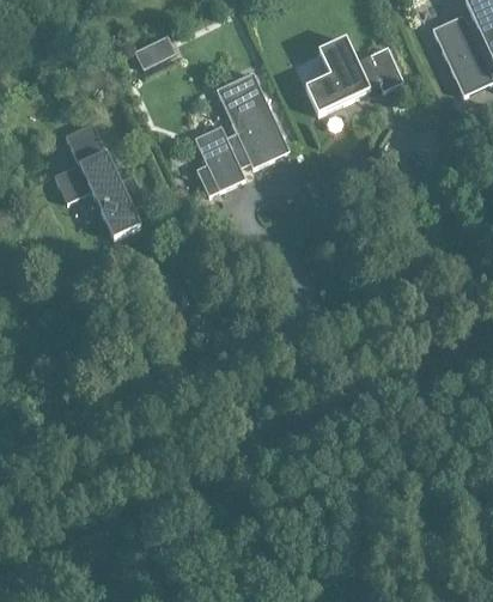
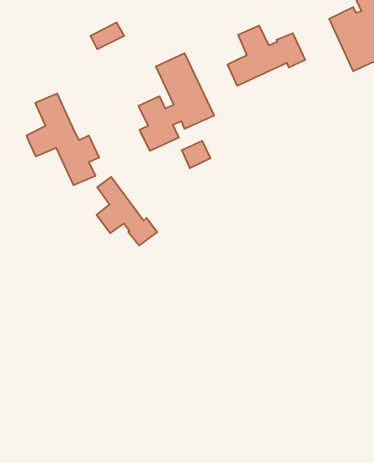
building: none -> [182,141,210,168]
building: none -> [97,177,157,245]

